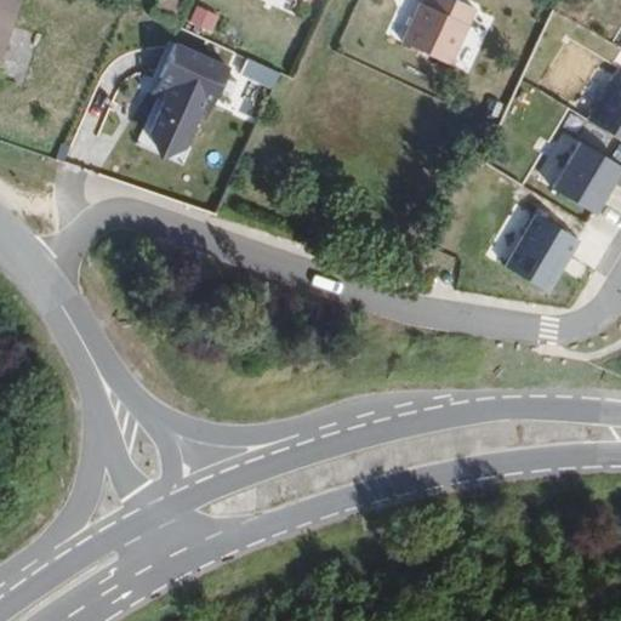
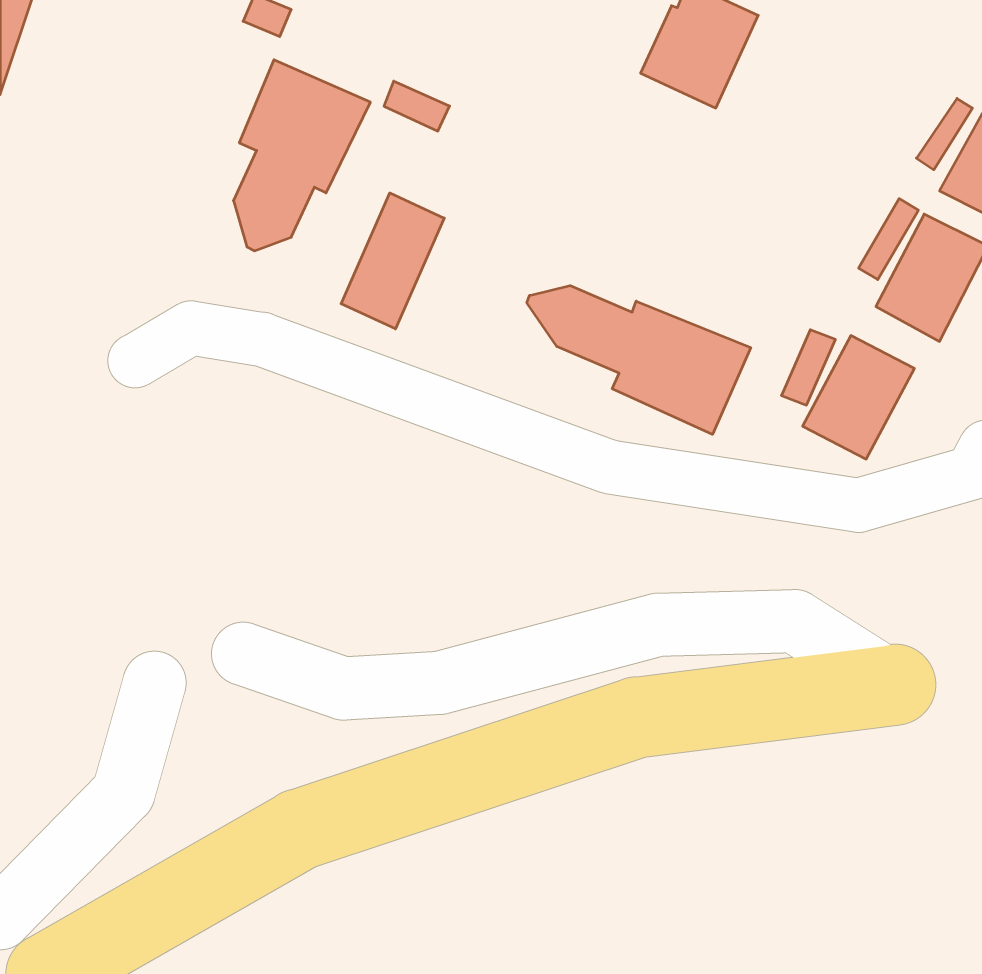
building: none -> [341,193,444,329]
building: none -> [527,286,751,434]

